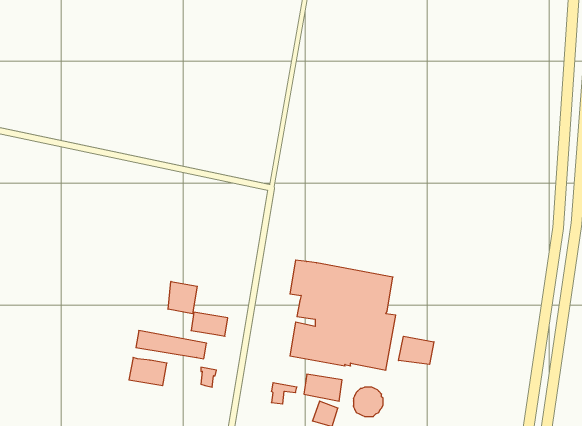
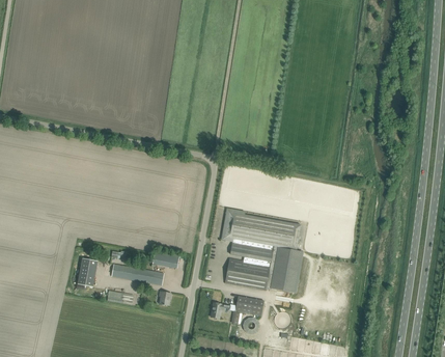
building: [168,281,197,314] -> none
building: none -> [78,257,98,286]
building: [399,336,434,364] -> none

